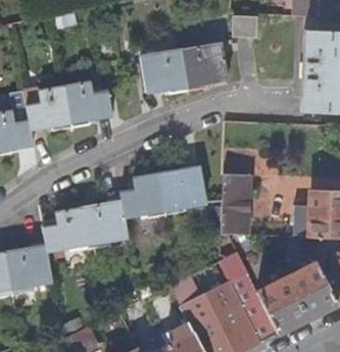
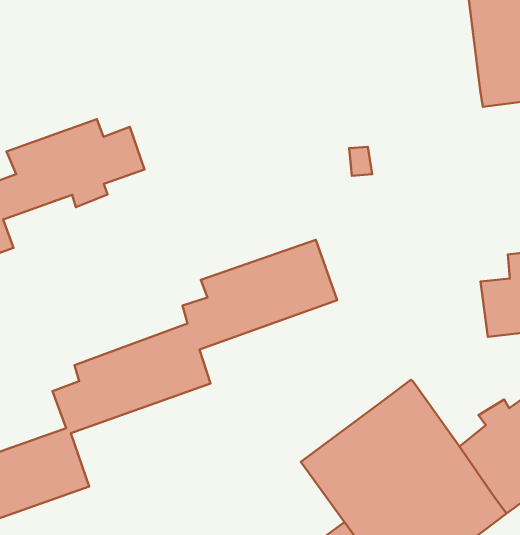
building: [141,42,230,94] -> none
building: [222,171,250,234] -> none

